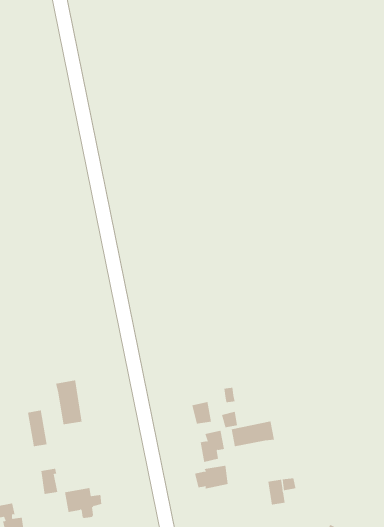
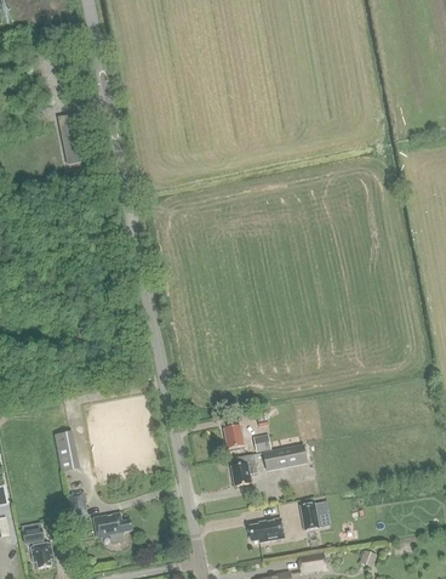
building: none -> [57,113,86,163]
building: [55,380,82,425] -> none
building: [194,465,229,489] -> [247,517,282,541]

